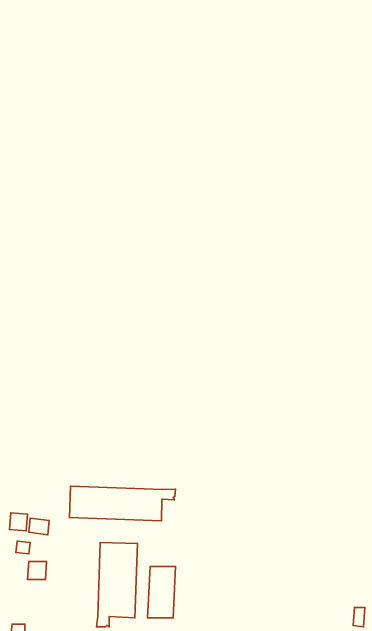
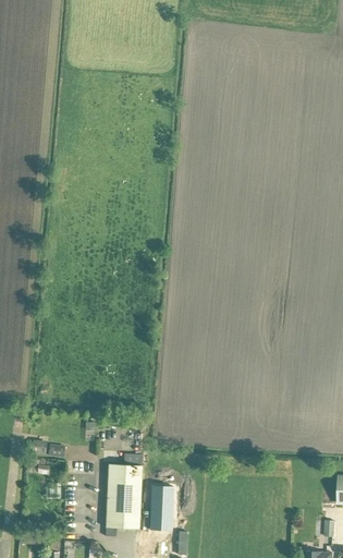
building: [70,486,175,521] -> none

